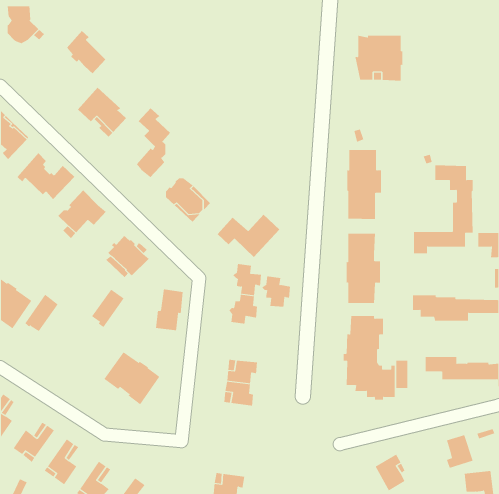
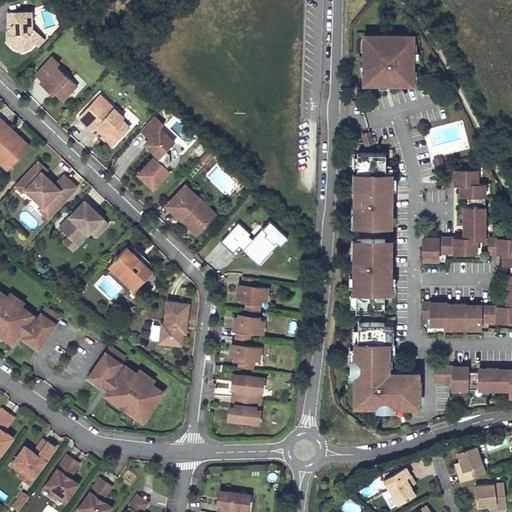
building: [66,30,106,74] -> [35,56,76,101]
building: [262,276,291,307] -> [231,335,261,367]
building: [91,289,125,328] -> [91,346,125,386]

